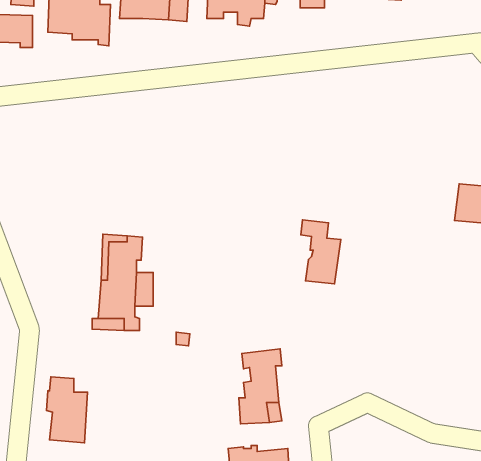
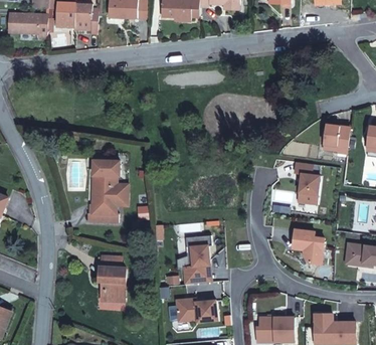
building: [301,220,341,284] -> [294,162,320,204]
building: none -> [292,229,324,264]
building: [46,377,88,443] -> [99,258,126,302]

